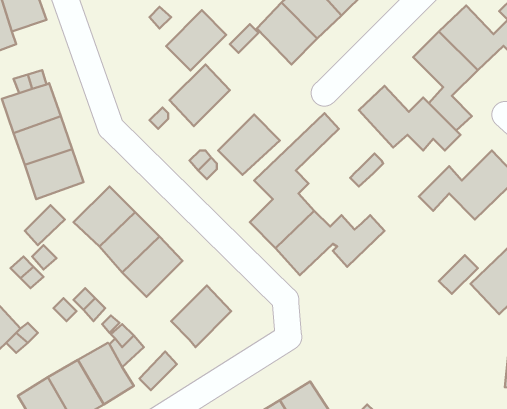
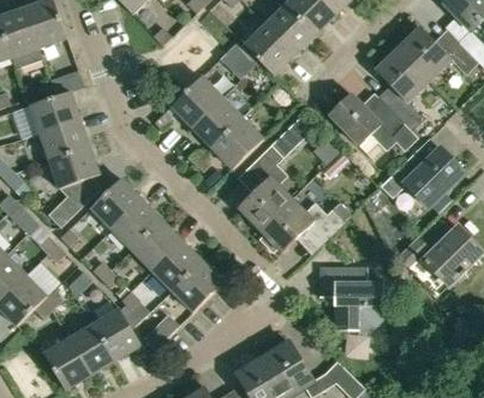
building: [166,10,226,71] -> [191,96,241,147]
building: none -> [151,239,202,290]
building: none -> [319,266,386,332]

